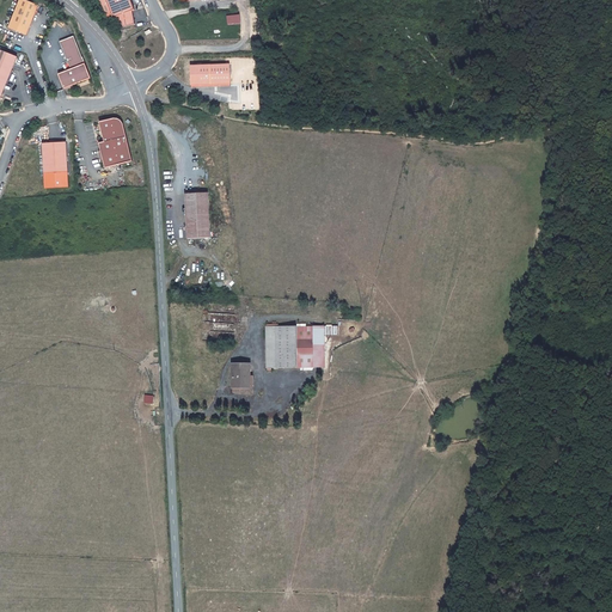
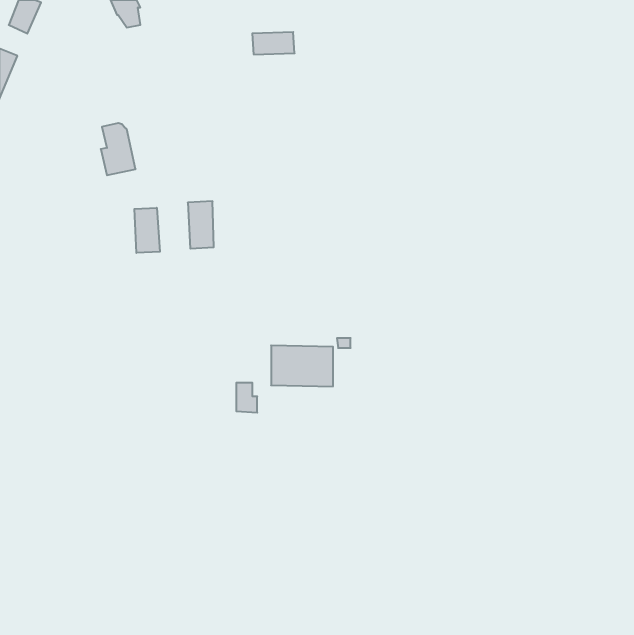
building: [57,33,90,86] -> none
building: [189,62,230,84] -> [252,32,295,54]
building: [42,141,66,172] -> none
building: none -> [134,208,160,253]

